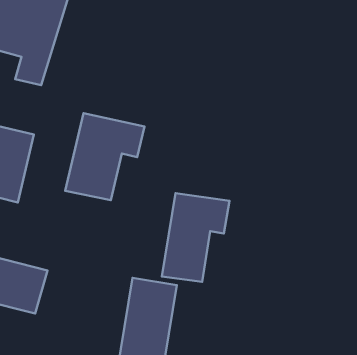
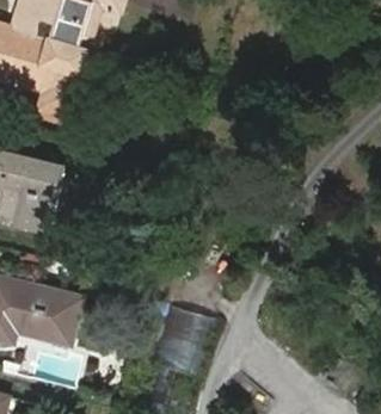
building: [65,113,145,200] -> none
building: [162,193,229,282] -> none

